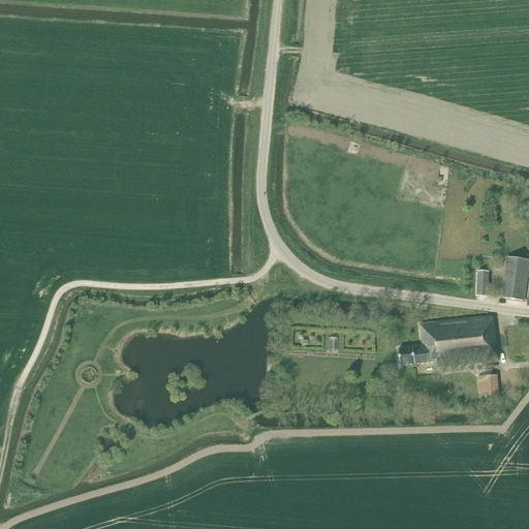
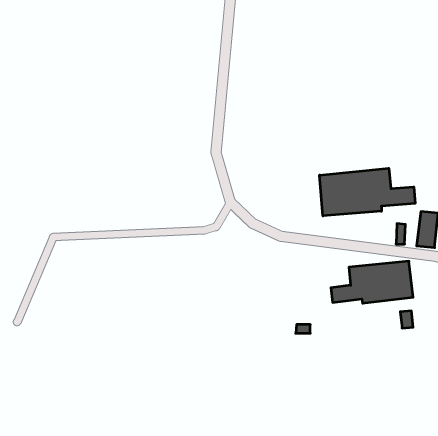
building: none -> [320,168,415,216]

